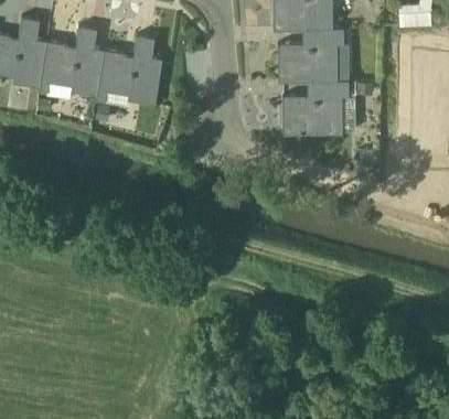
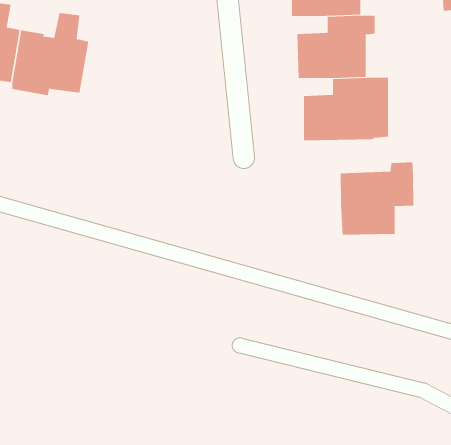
building: [97,36,162,106] -> none
building: none -> [340,161,414,236]

